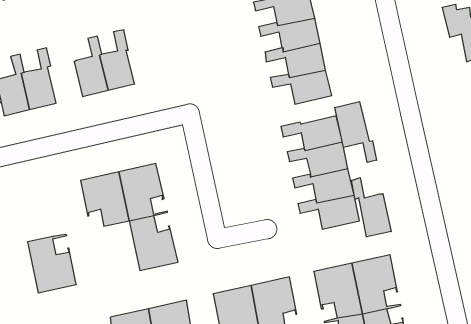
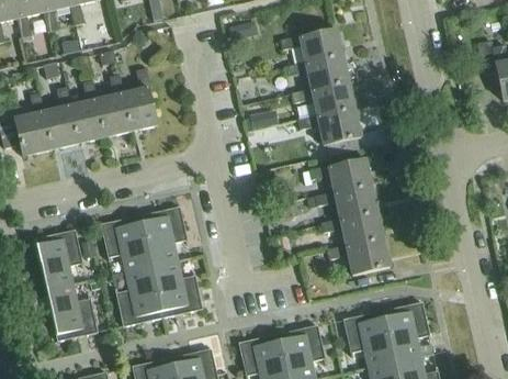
building: none -> [68,81,104,144]
building: [335,102,377,162] -> none
building: [352,178,391,237] -> none
building: none -> [37,230,84,288]
building: none -> [113,266,163,326]

